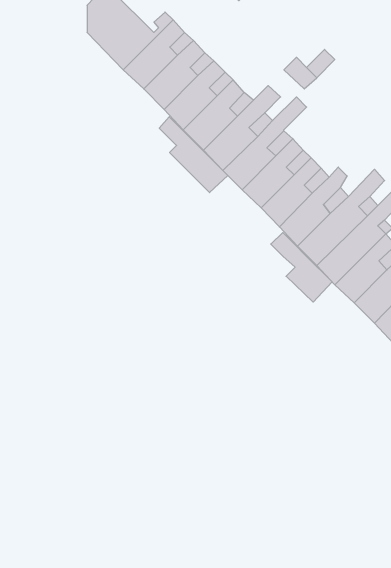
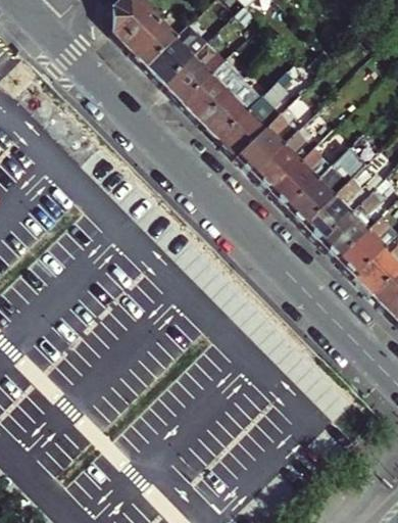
building: [159,117,228,193] -> none
building: [271,233,332,302] -> none

